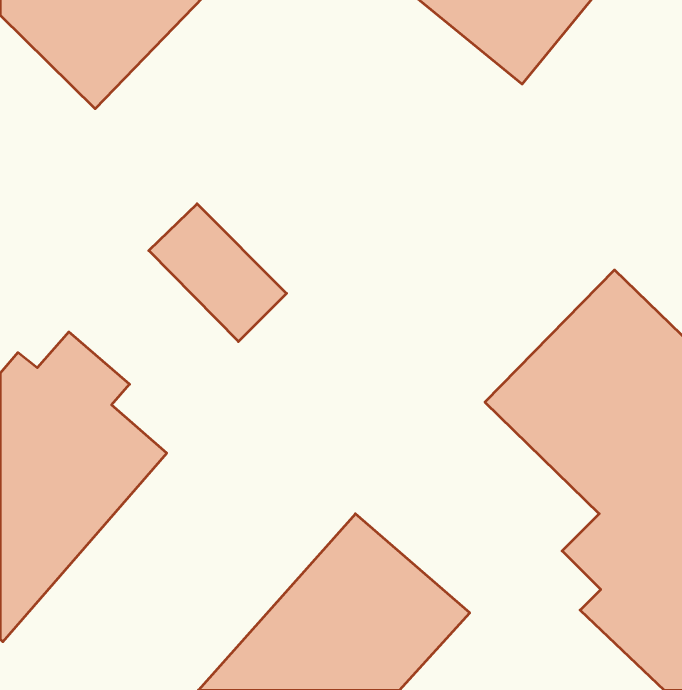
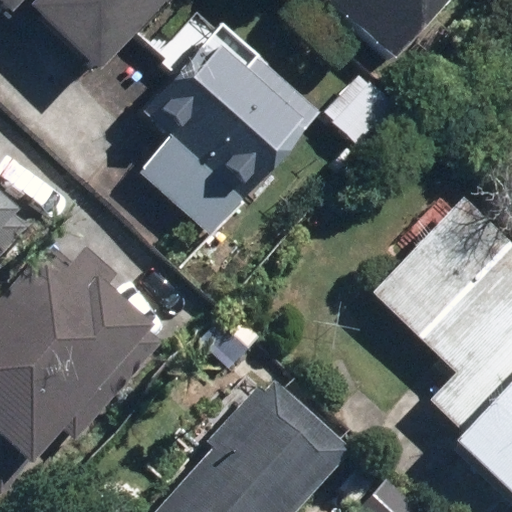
building: none -> [135,23,317,192]

